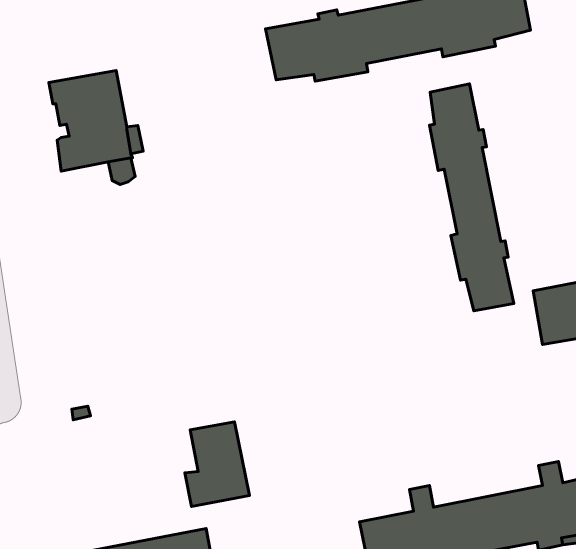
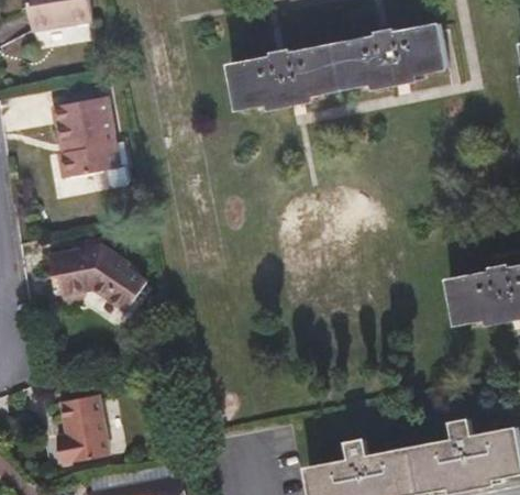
building: [429,84,514,311] -> none
building: none -> [49,244,144,312]
building: [185,422,249,506] -> [56,394,109,463]

